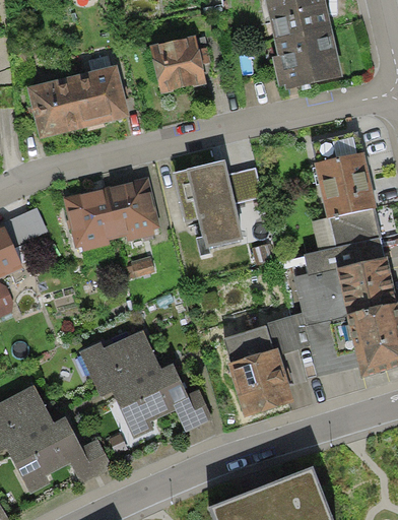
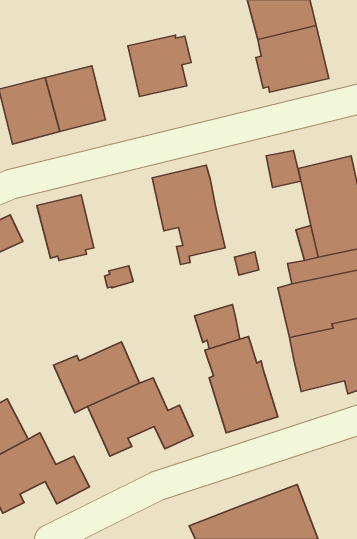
building: [228,168,262,203] -> [266,151,301,188]
building: [105,178,159,241] -> none
building: [265,313,309,355] -> [194,304,240,349]

